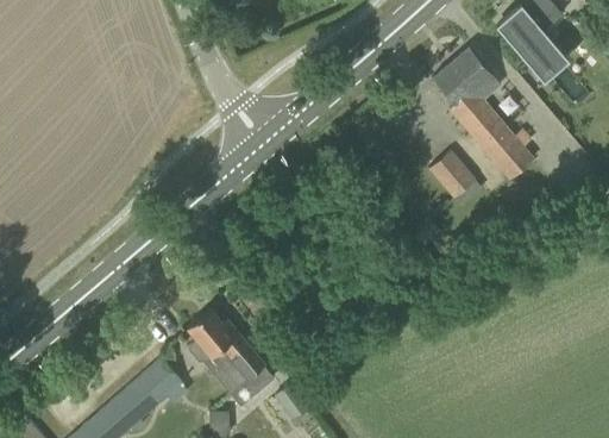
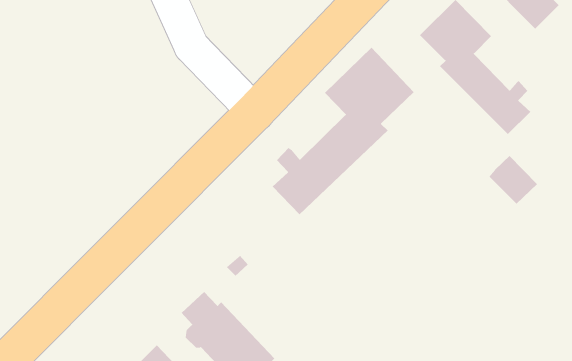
building: none -> [272,47,415,215]
building: [429,151,476,199] -> [488,155,538,205]

